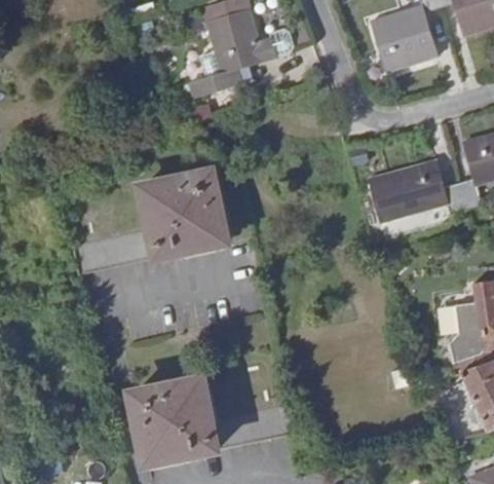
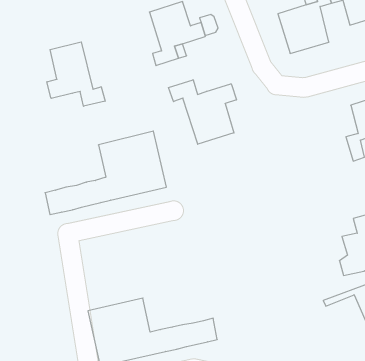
building: none -> [47,42,105,106]
building: none -> [168,80,236,144]
building: [371,158,467,222] -> none

